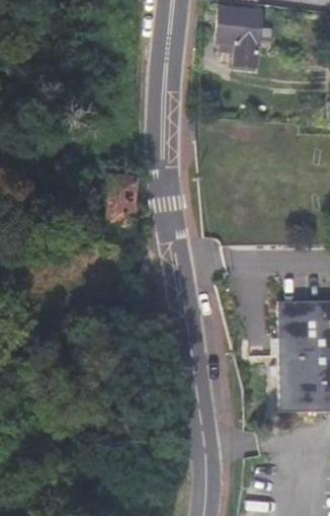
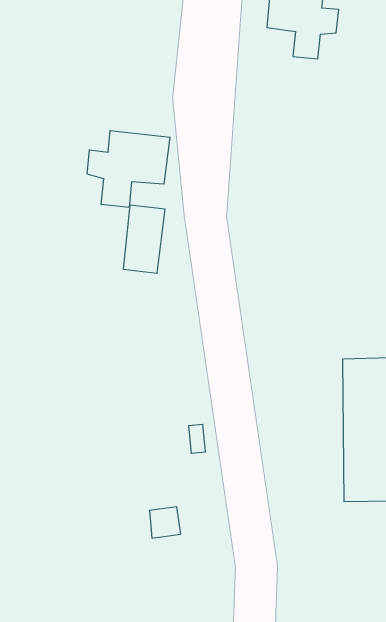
building: none -> [87,130,170,207]

